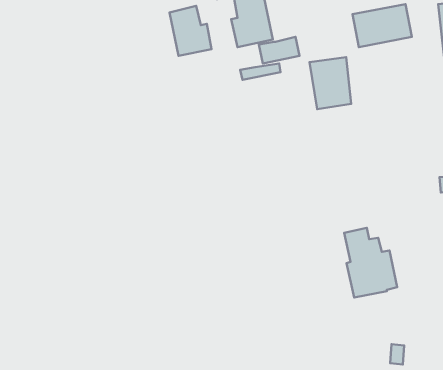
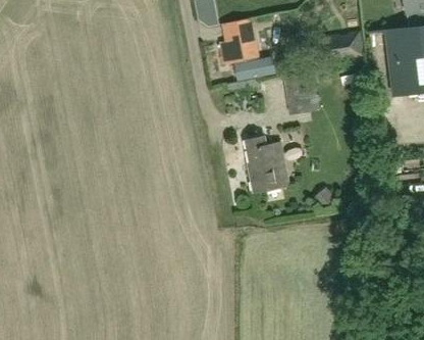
building: [169,6,212,56] -> none
building: [344,228,397,297] -> [247,135,289,191]

